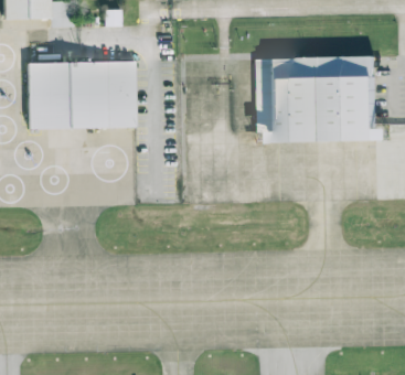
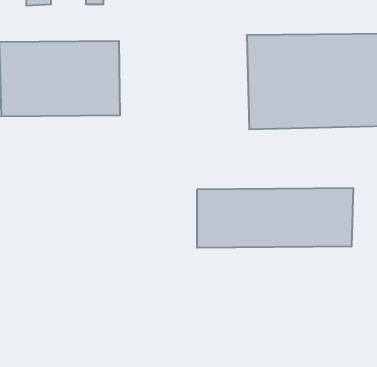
building: none -> [197,188,353,248]

